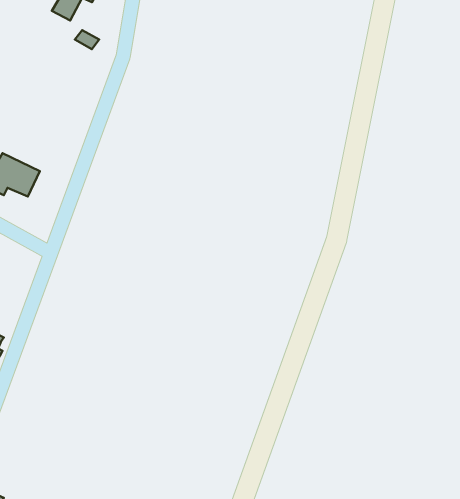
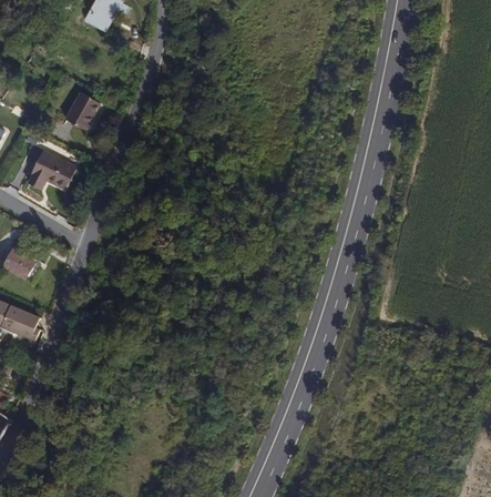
building: none -> [63,90,100,130]

